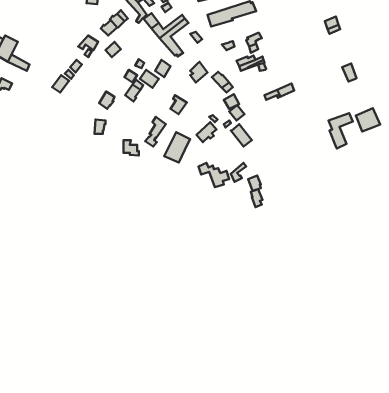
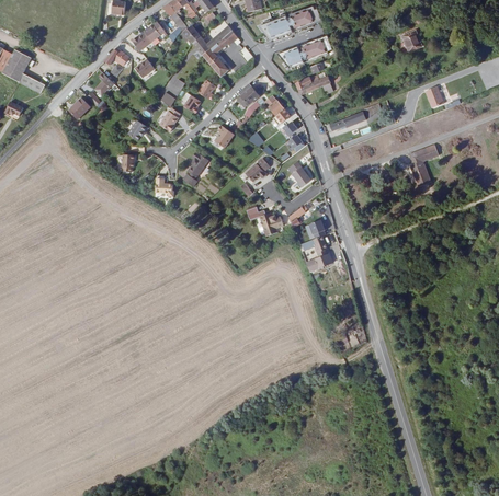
building: [356,108,380,132] -> none
building: [164,132,190,162] -> none

